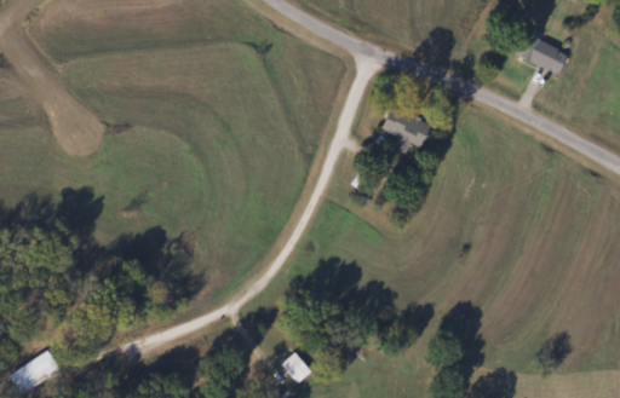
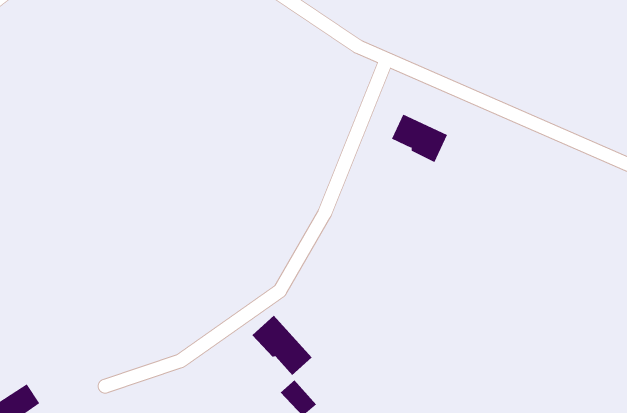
building: [511,33,567,75] -> none
building: none -> [252,315,312,376]

